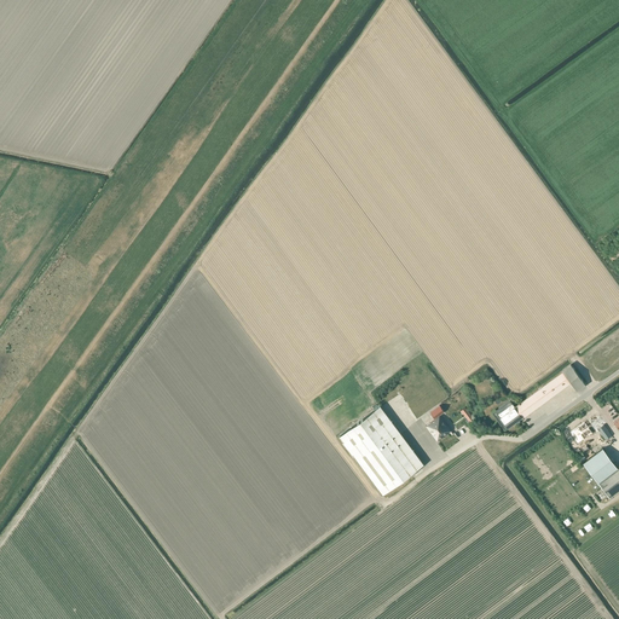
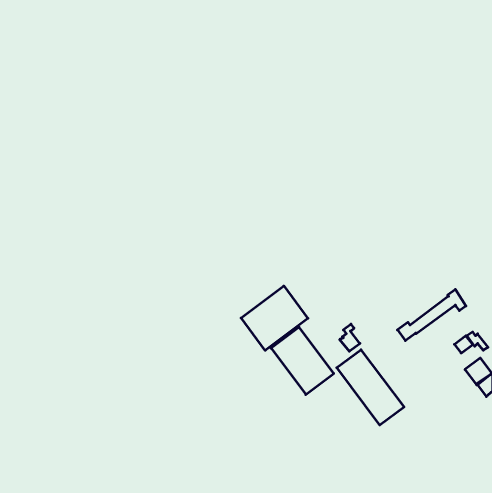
building: none -> [241,286,308,350]
building: none -> [337,350,404,425]

